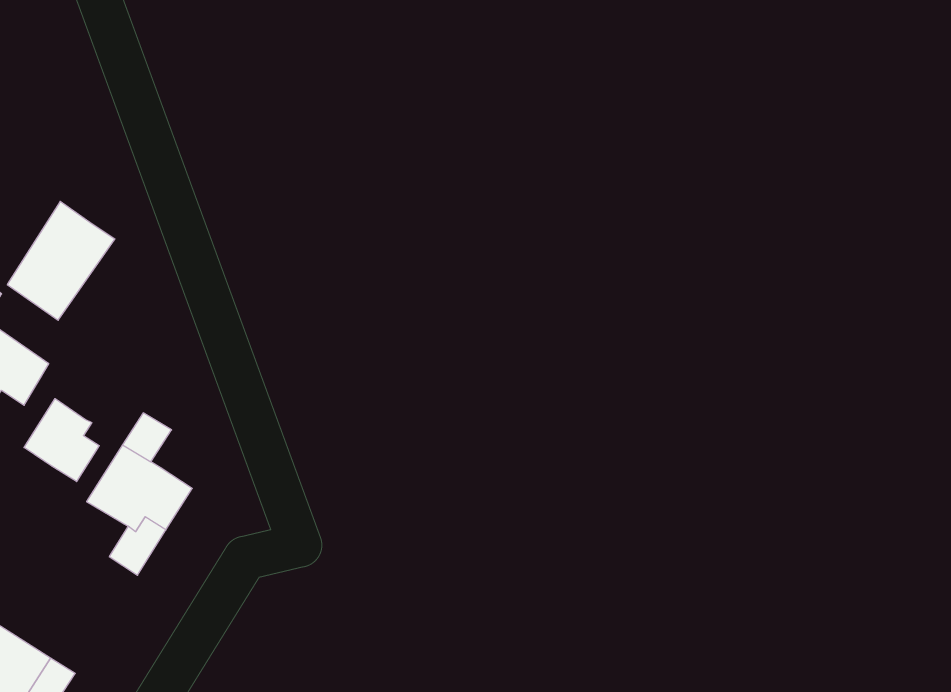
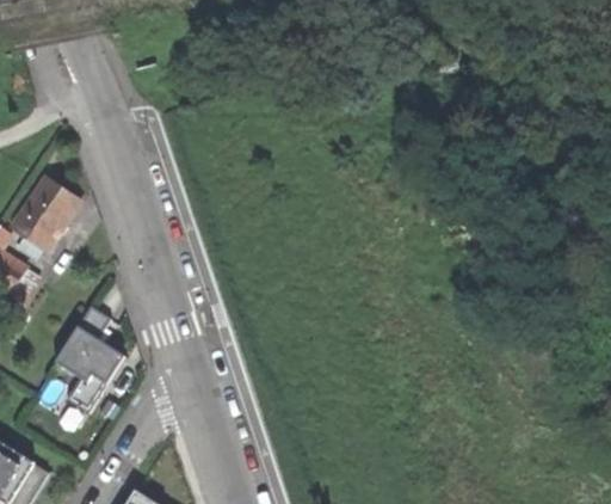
building: [24,399,99,482] -> none

